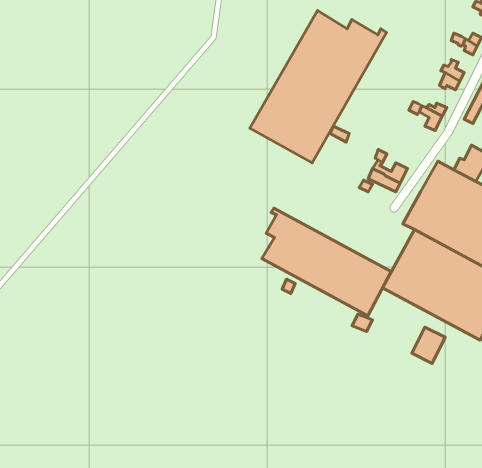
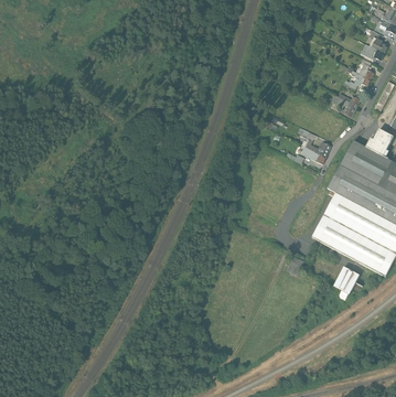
building: [250,10,387,163] -> none
building: [262,208,391,316] -> none

